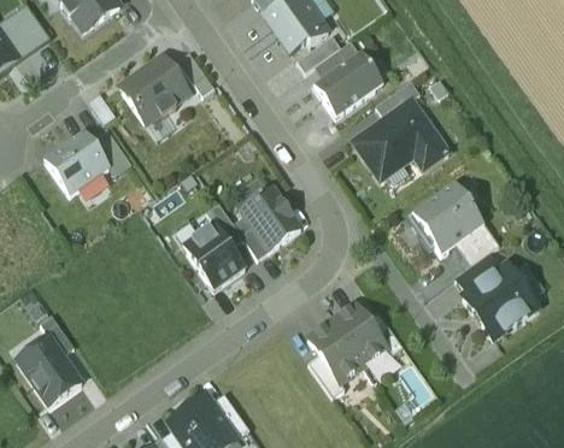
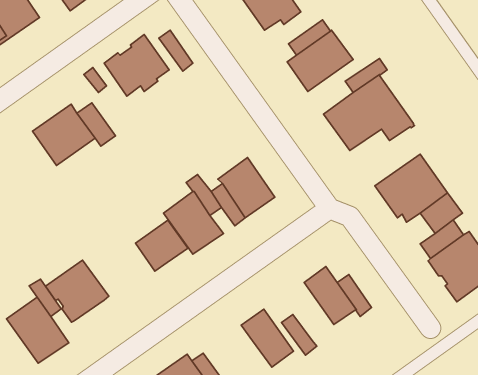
building: none -> [136,220,188,271]
building: none -> [45,260,109,322]
building: [307,318,363,379] -> [241,309,293,367]

